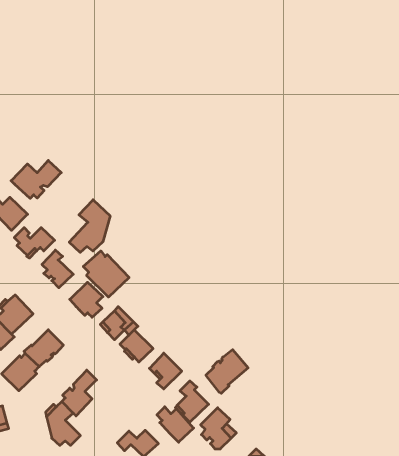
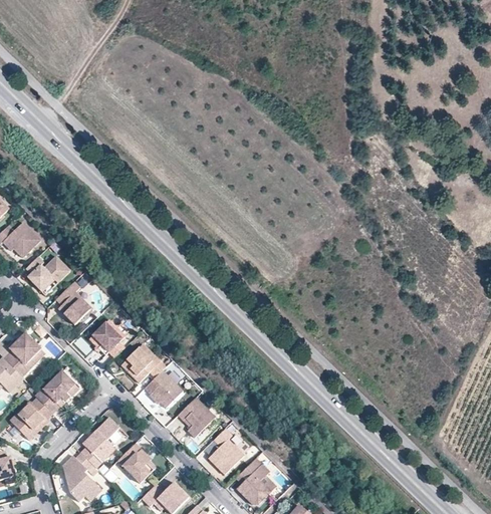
building: [11,160,61,198] -> none
building: [69,200,110,252] -> none
building: [83,251,129,297] -> none
building: [206,350,248,393] -> none
building: none -> [117,443,155,482]
building: [157,407,194,442] -> none

